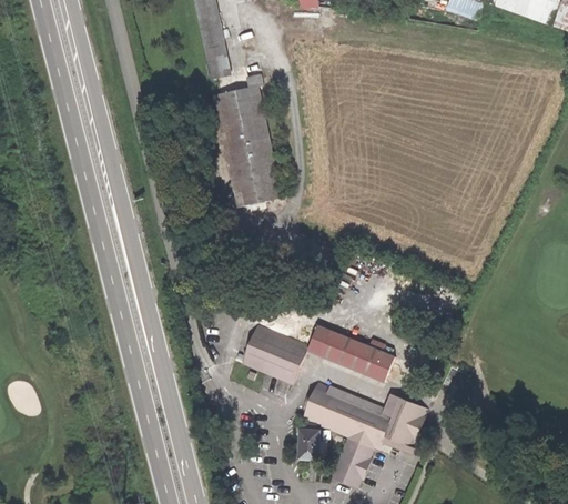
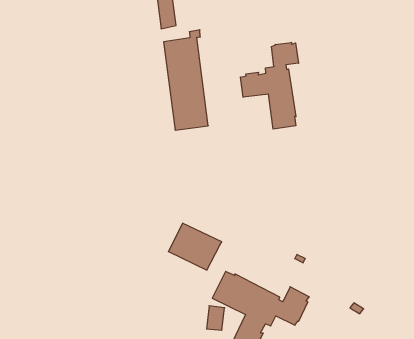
building: none -> [240,42,299,129]
building: [306,323,394,380] -> none

